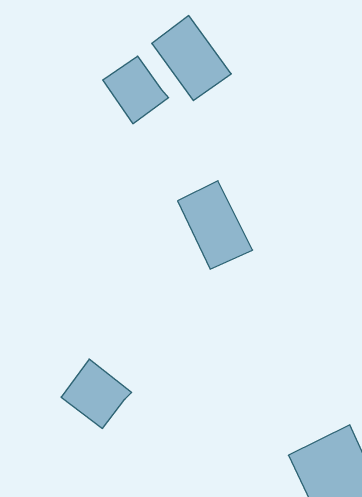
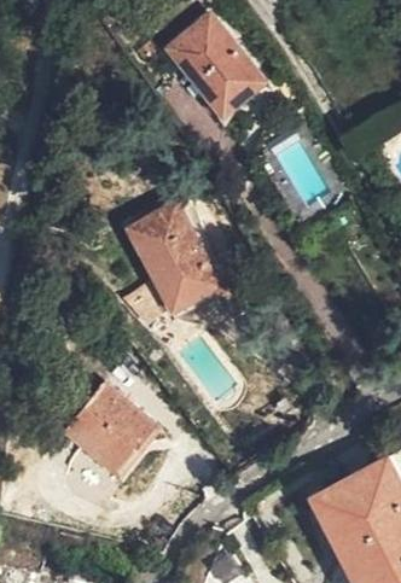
building: [103,56,169,124] -> none
building: [178,181,253,269] -> [130,211,211,307]

